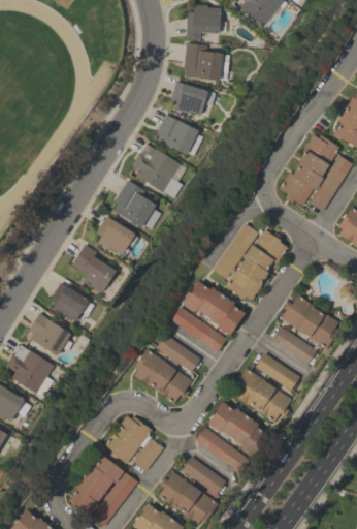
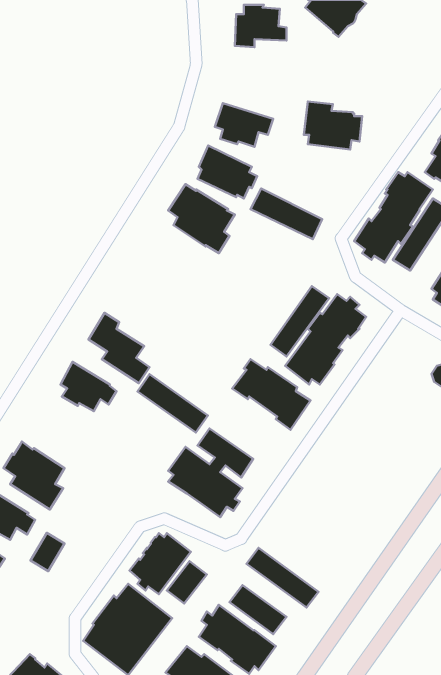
building: [184,43,229,81] -> [304,102,362,149]
building: none -> [251,188,322,239]
building: [113,181,161,229] -> none
building: [96,217,139,255] -> none
building: [281,295,339,350] -> none
building: [171,307,226,352] -> [137,374,208,433]
building: [29,313,73,361] -> none
building: [272,328,317,365] -> none
building: [233,353,299,423] -> none
building: [207,402,269,458] -> none
building: none -> [30,533,64,571]

